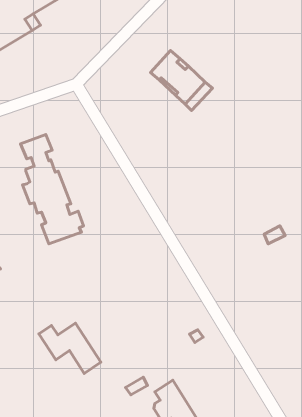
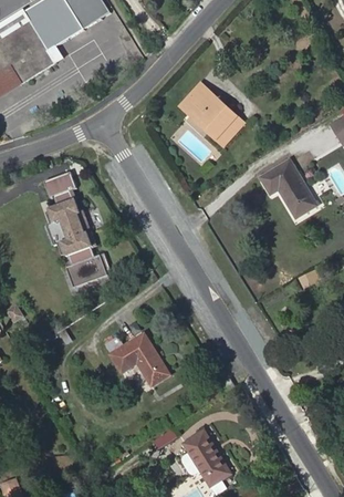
building: none -> [259,159,316,218]
building: [39,323,101,374] -> [103,333,168,386]

